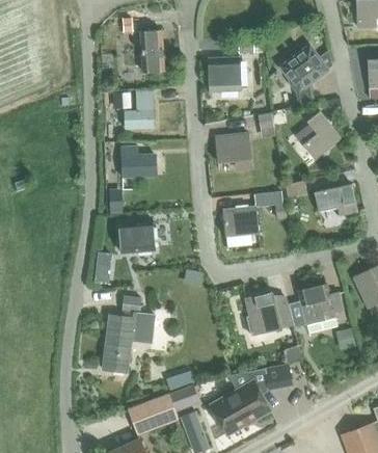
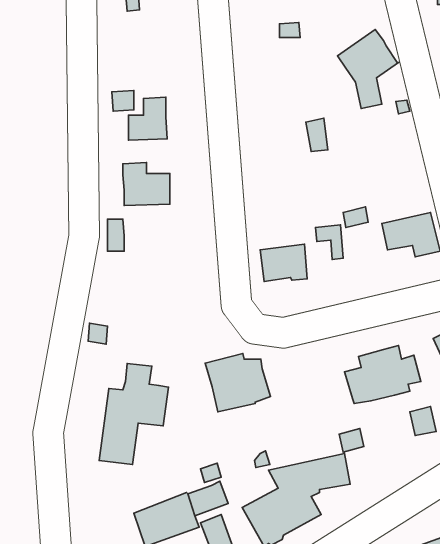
building: [138,29,164,73] -> none
building: [208,58,241,91] -> none
building: [295,115,342,161] -> none
building: [215,133,250,162] -> none
building: [117,221,155,254] -> none
building: [244,292,293,336] -> [205,354,270,412]

